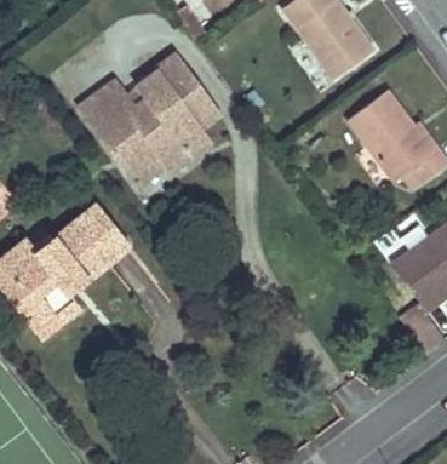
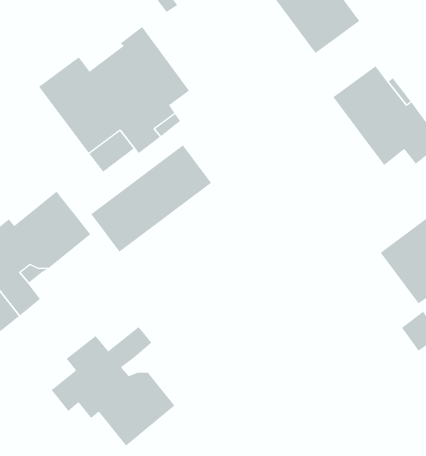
building: none -> [90,145,212,252]
building: none -> [51,326,175,446]

